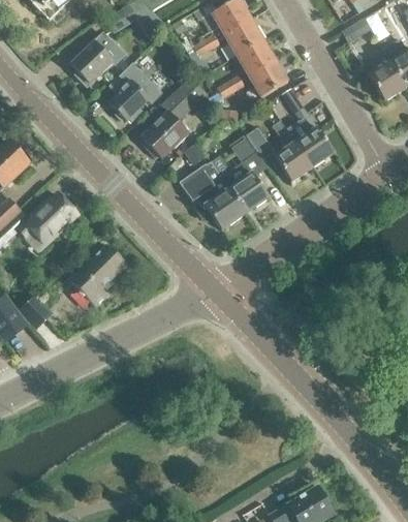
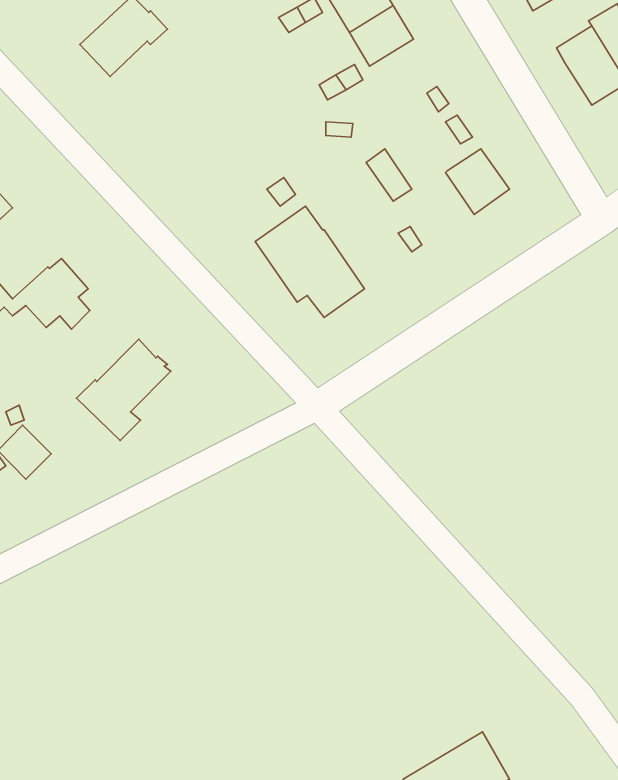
building: [249,59,288,96] -> none
building: [108,61,163,121] -> none
building: [142,75,203,157] -> none
building: [274,119,313,181] -> none
building: [221,140,269,212] -> none

